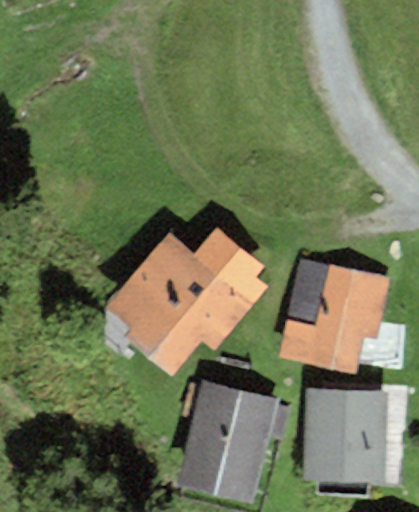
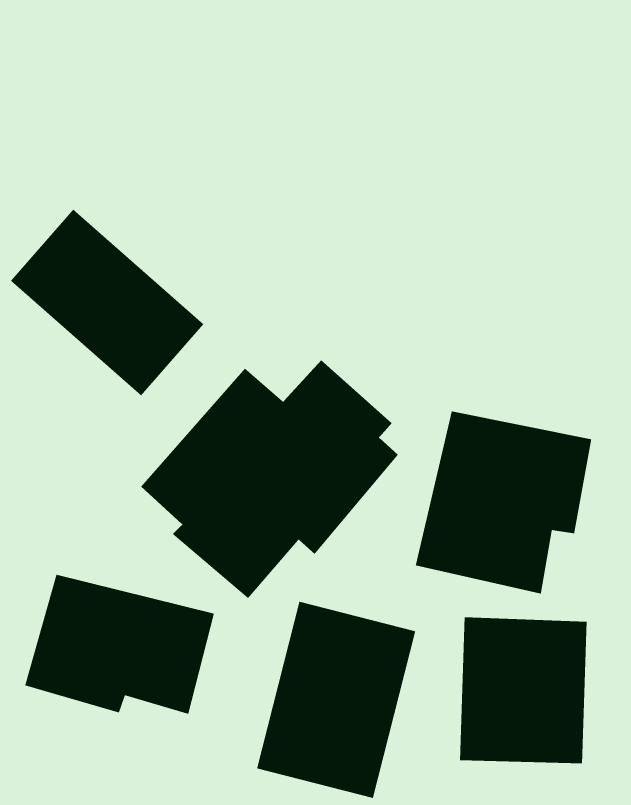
building: none -> [10,209,204,396]
building: none -> [24,574,215,715]

